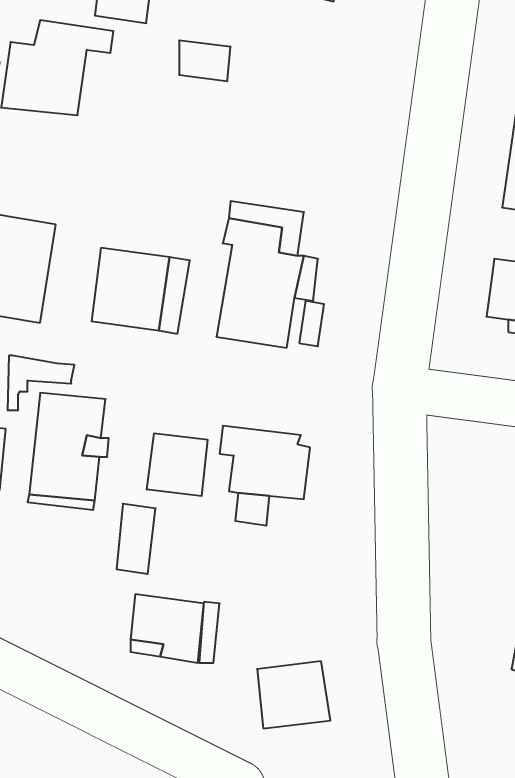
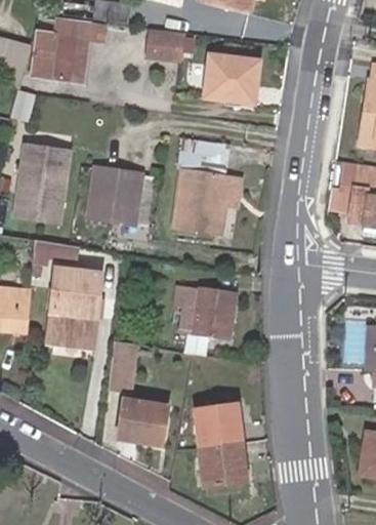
building: none -> [204,57,258,104]
building: [147,433,208,496] -> none
building: none -> [195,407,241,447]

